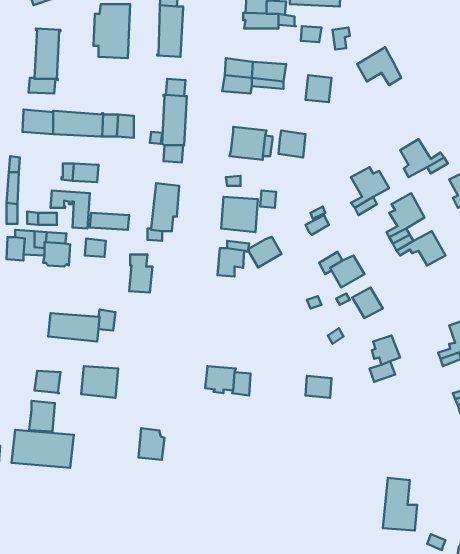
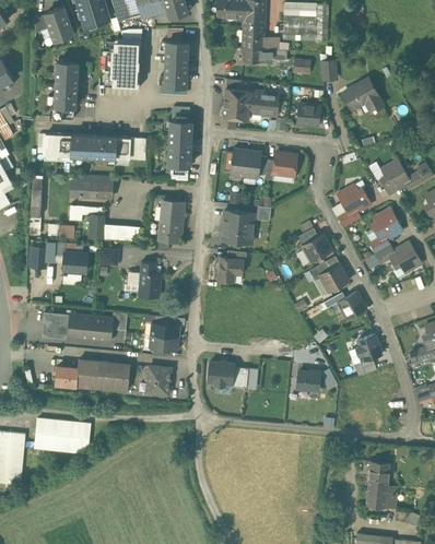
building: [248,237,282,267] -> [302,234,331,261]
building: none -> [40,311,69,339]
building: none -> [150,322,178,351]
building: [29,401,55,431] -> [75,359,98,387]
building: [139,428,164,460] -> [146,365,169,393]

